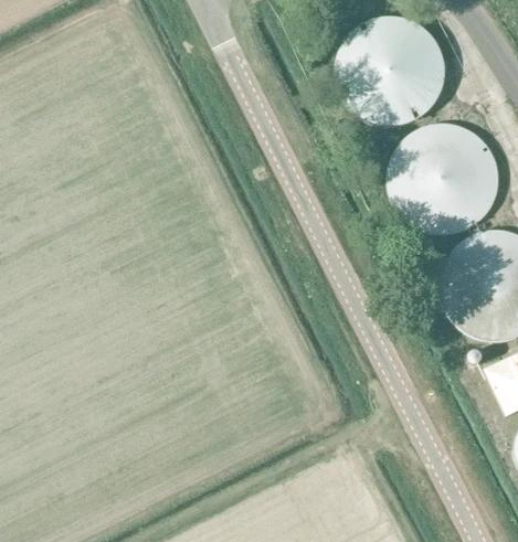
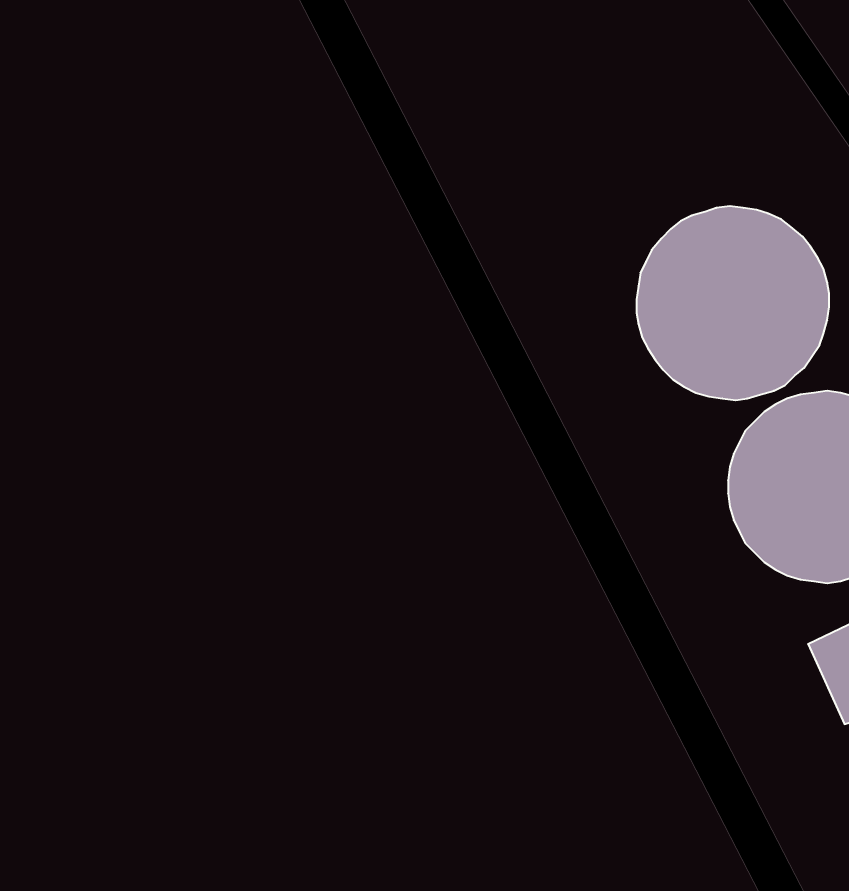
building: [335,15,445,126] -> none

